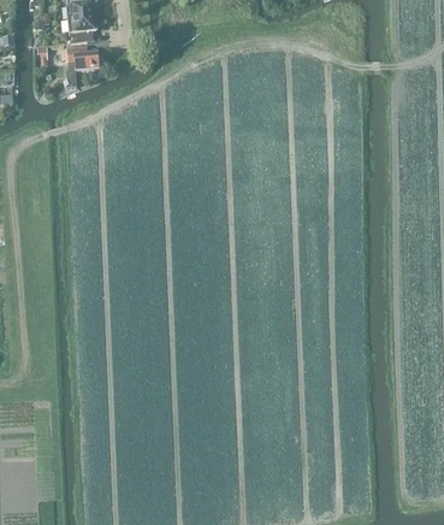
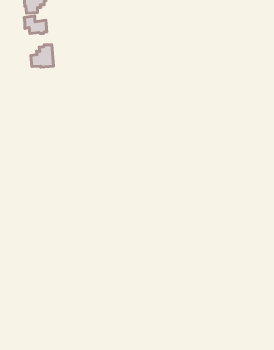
building: none -> [31,45,53,67]

